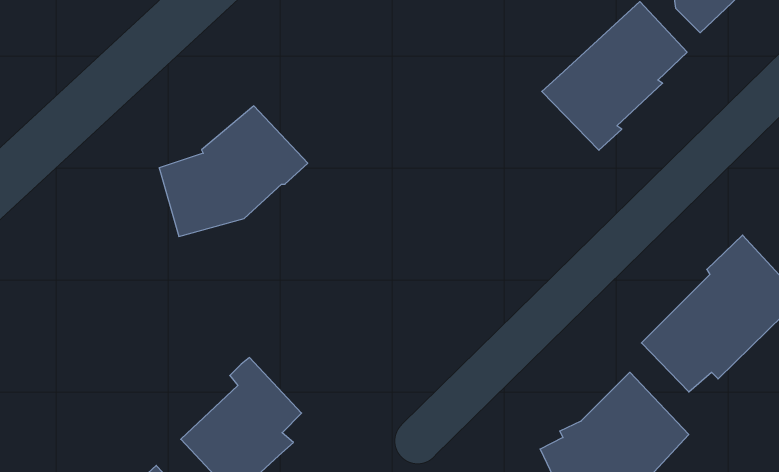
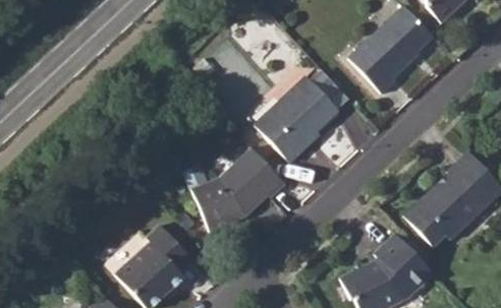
building: [159,106,308,236] -> [193,146,286,228]
building: none -> [255,75,340,162]

